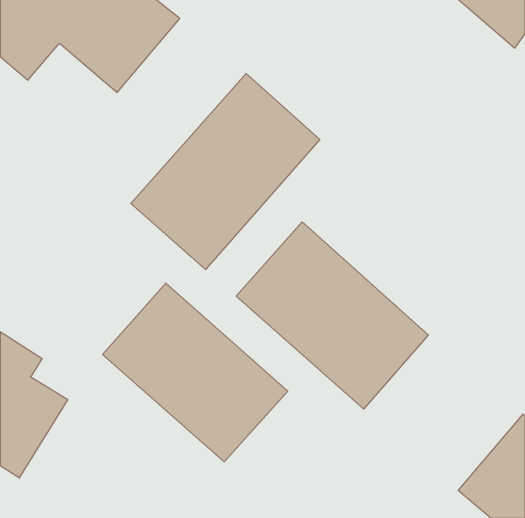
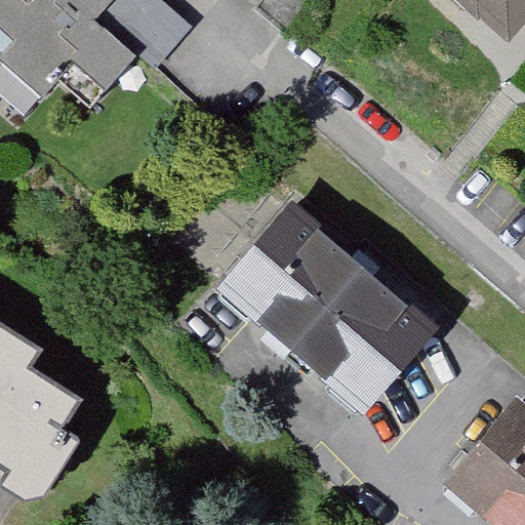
building: [131,73,320,270] -> none
building: [103,283,288,462] -> none

